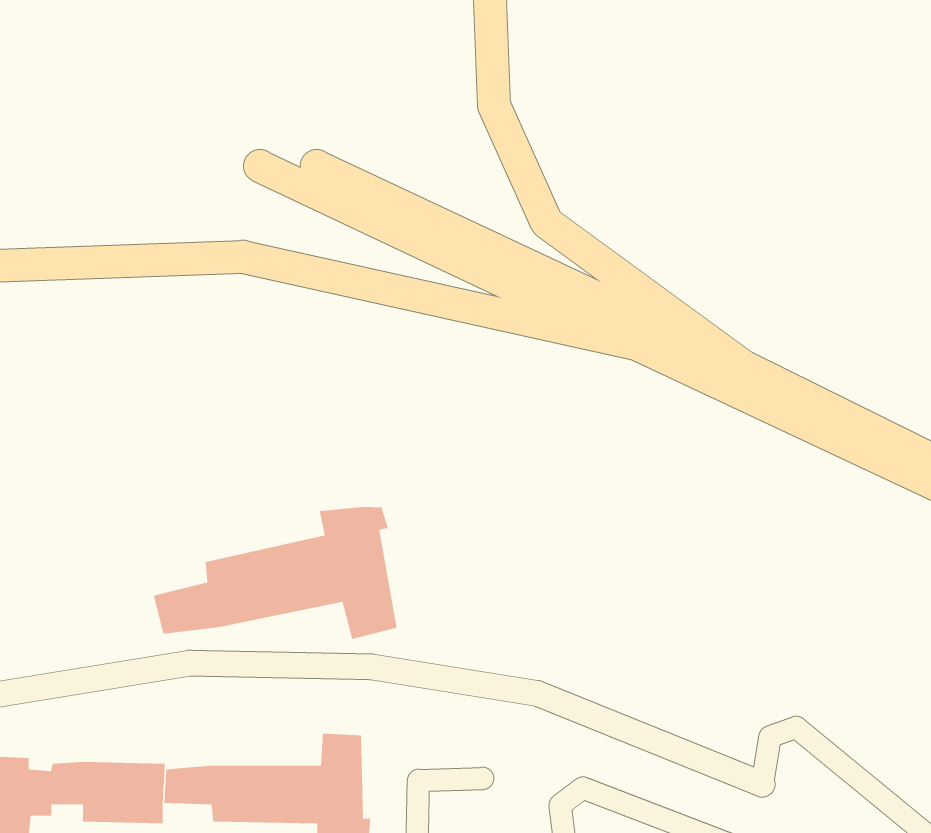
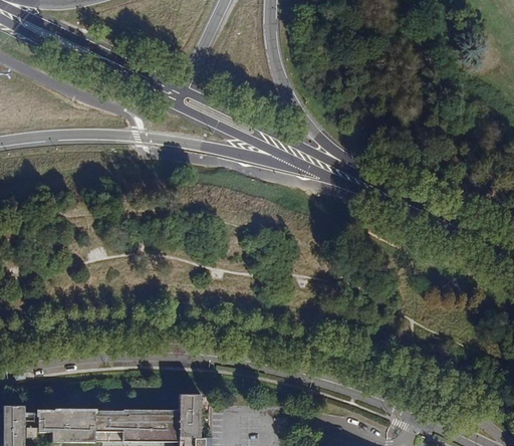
building: [153,506,397,640] -> none

